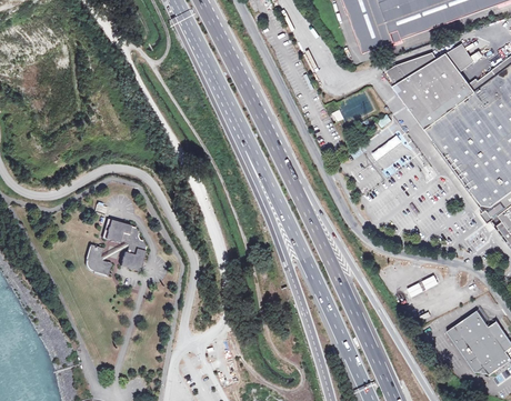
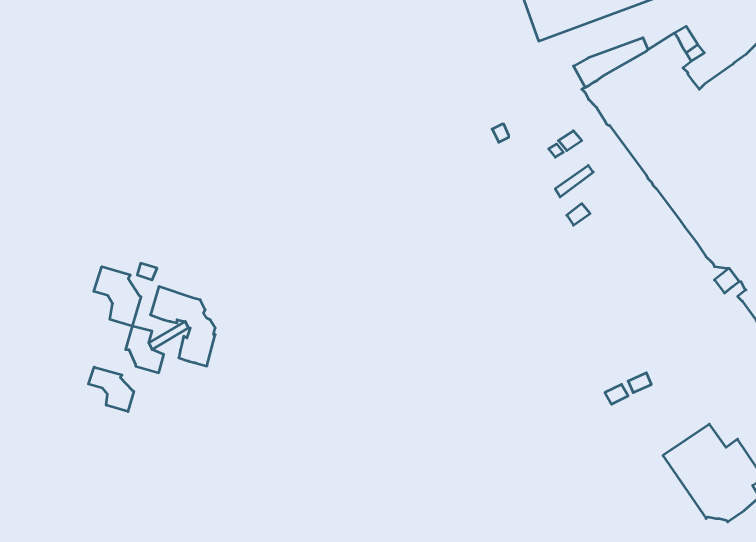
building: none -> [94,267,141,326]
building: none -> [88,367,134,412]

